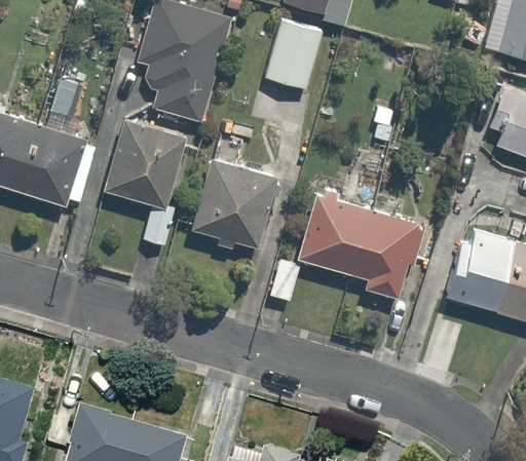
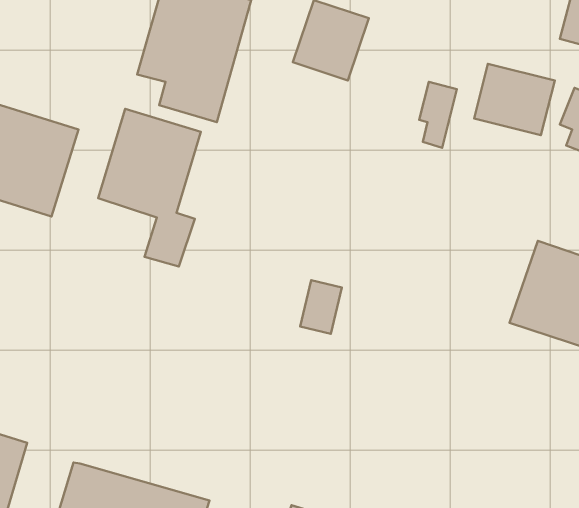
building: none -> [474,64,555,135]
building: [187,137,276,249] -> none
building: [295,184,424,298] -> none

